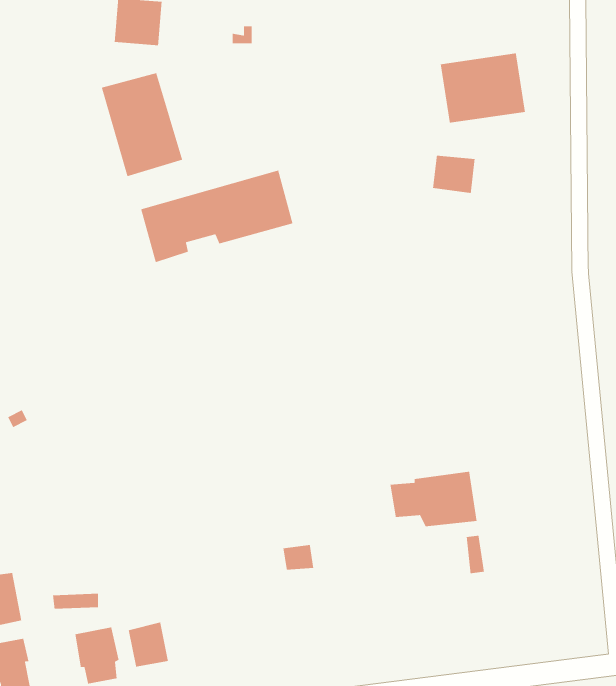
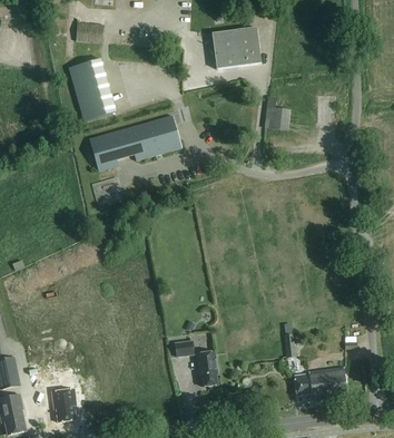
building: [440,53,526,124] -> [210,27,262,69]
building: [389,471,477,527] -> [295,366,347,399]
building: none -> [197,350,217,385]
building: [128,621,169,668] -> none

